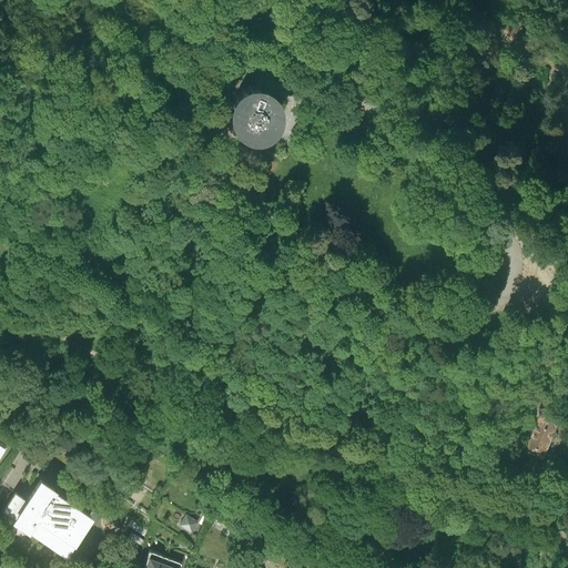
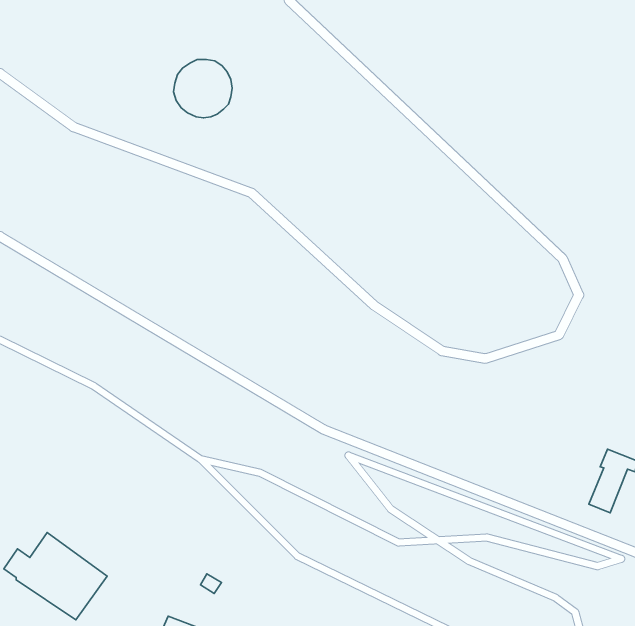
building: [227,89,280,141] -> [174,59,232,118]

